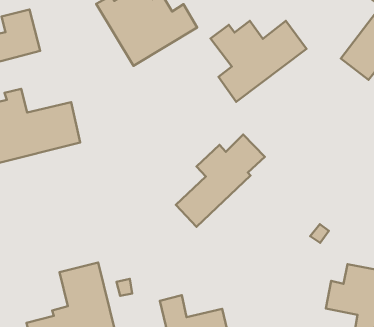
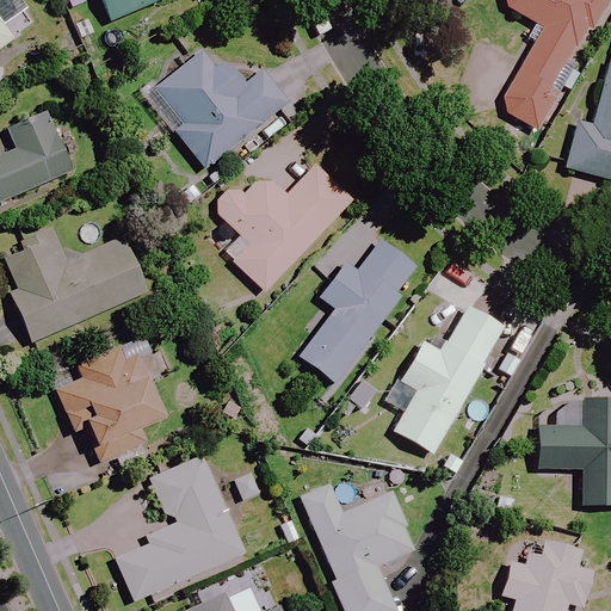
building: [211,21,306,102] -> [212,165,351,291]
building: none -> [57,348,165,459]
building: none -> [393,306,504,453]

